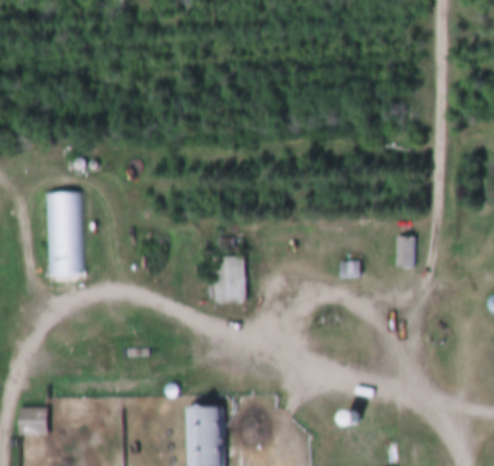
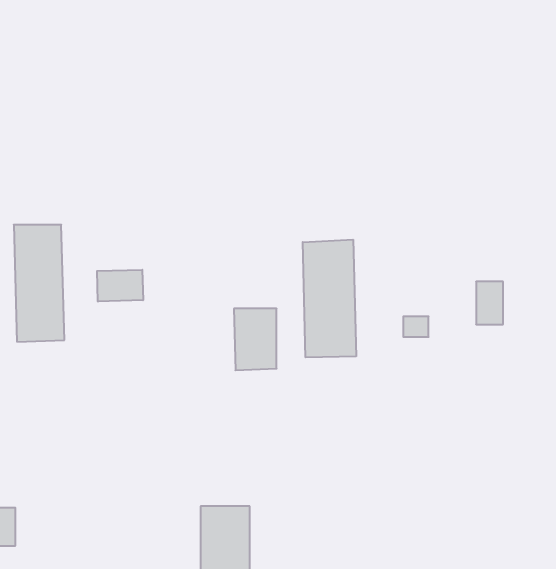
building: none -> [303,240,356,357]
building: none -> [97,270,143,302]

